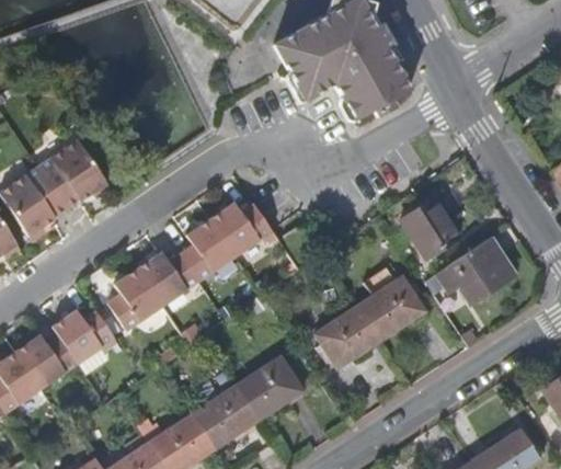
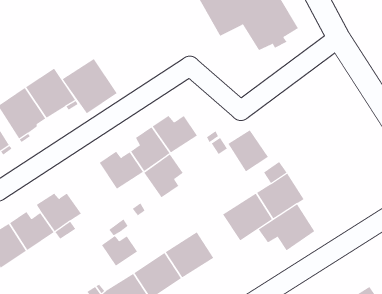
building: none -> [62,58,117,114]
building: [398,205,454,263] -> [228,129,269,172]
building: [432,242,510,307] -> [258,204,315,251]
building: none -> [144,154,183,198]
building: [111,266,165,328] -> none
building: none -> [101,235,138,267]

